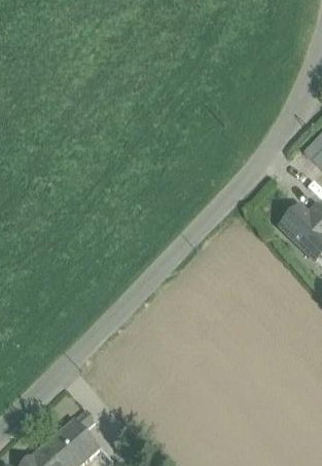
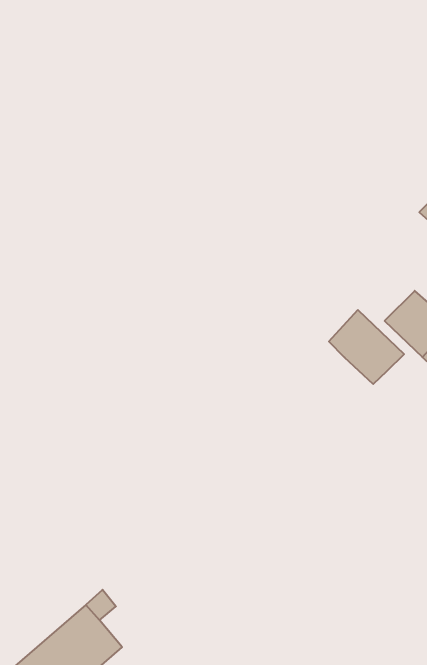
building: none -> [329,310,404,384]

